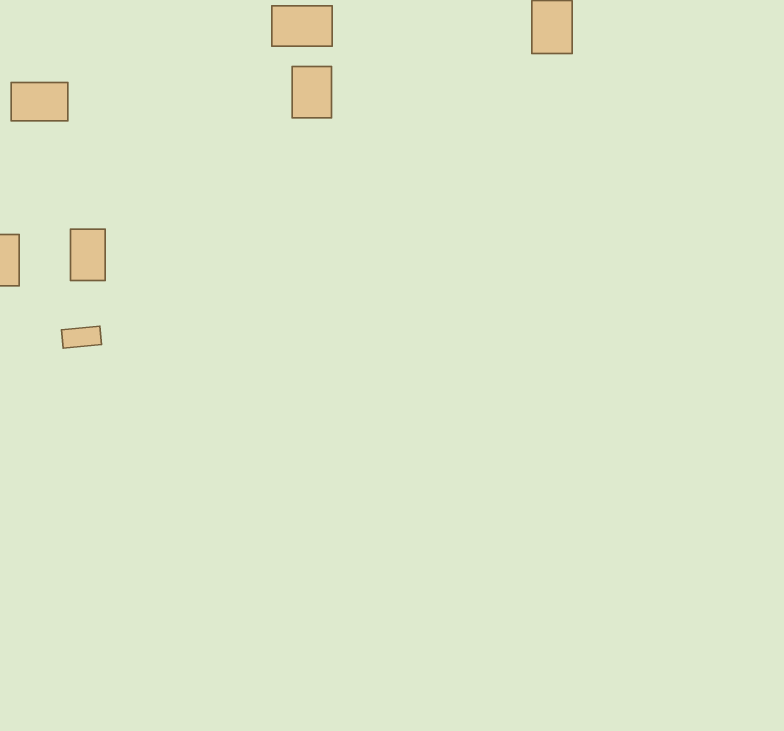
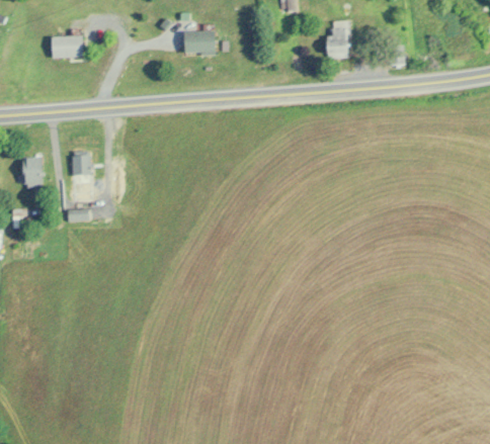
building: [292,66,332,118] -> none
building: [11,83,68,121] -> [53,35,84,57]

